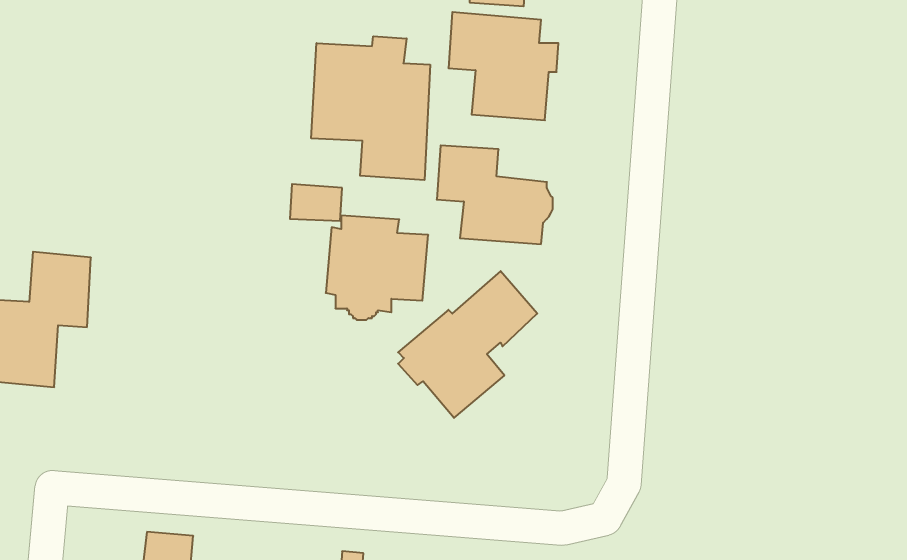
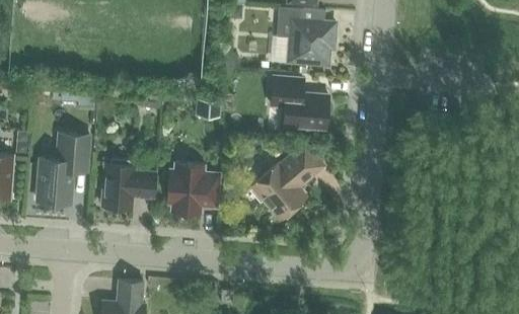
building: [311,36,430,180] -> none
building: [326,216,428,320] -> [166,163,220,218]
building: none -> [101,159,155,209]

